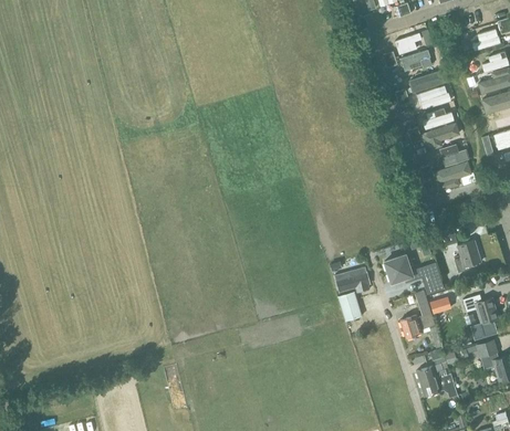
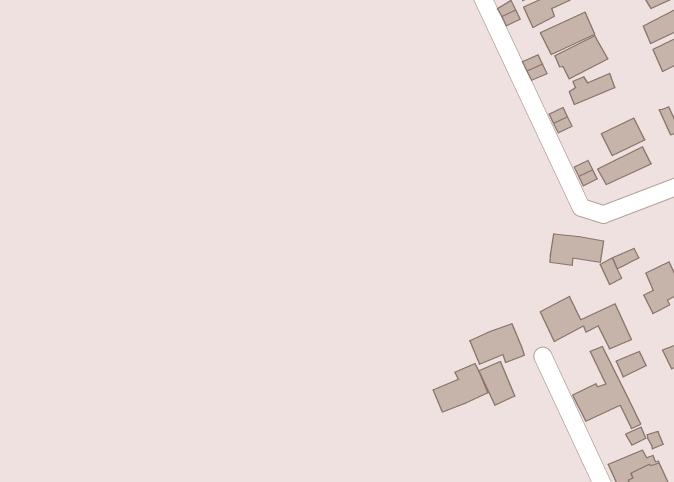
building: [423,120,459,147] -> none
building: none -> [550,234,604,265]
building: none -> [433,363,488,412]

